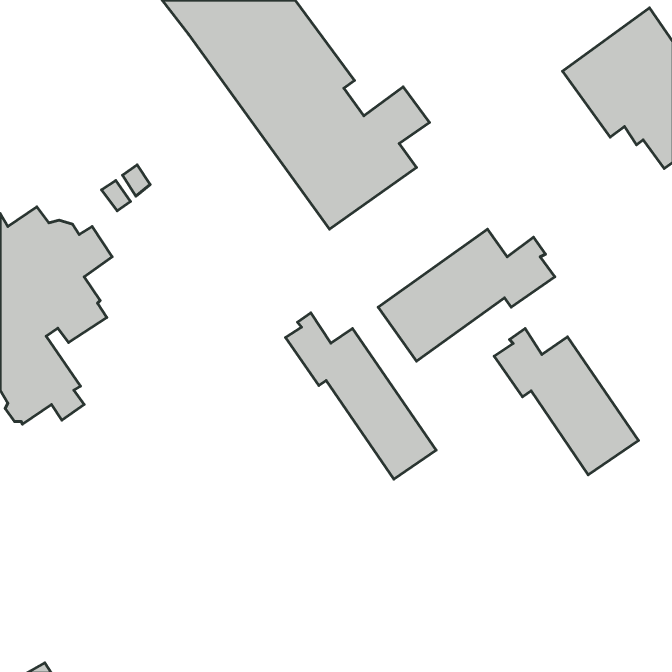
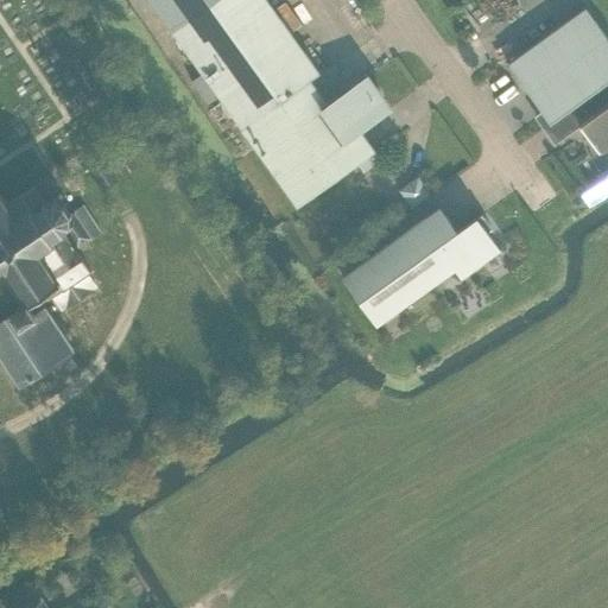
building: [286,313,436,479] -> none
building: [494,329,638,475] -> none

